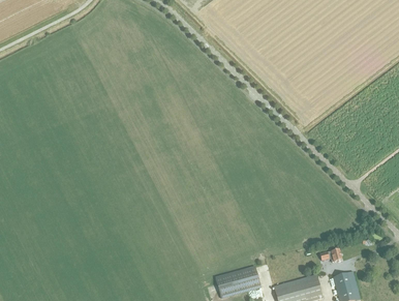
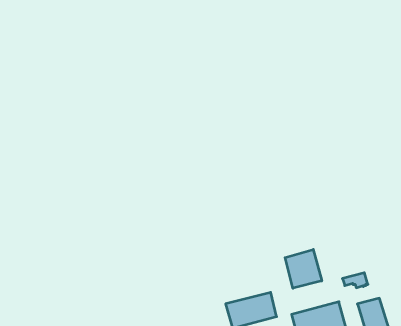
building: none -> [285,249,322,288]

